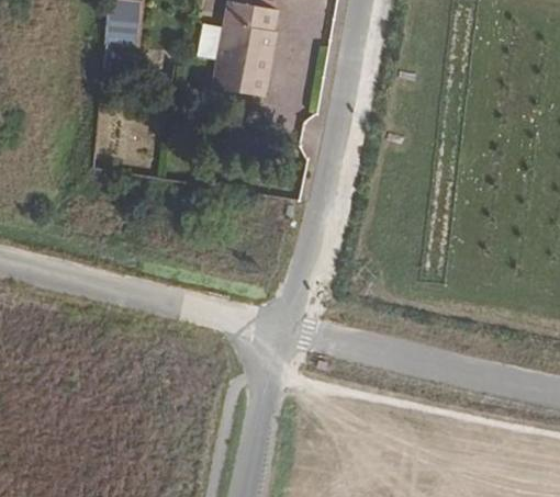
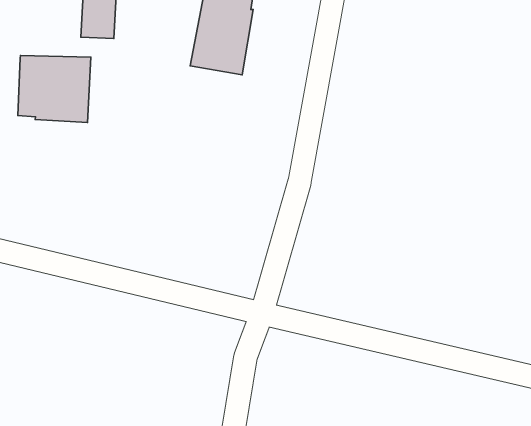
building: none -> [18,55,91,122]

